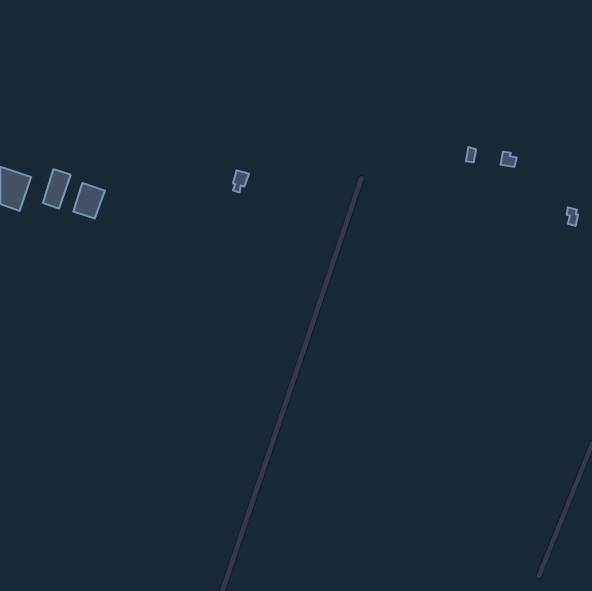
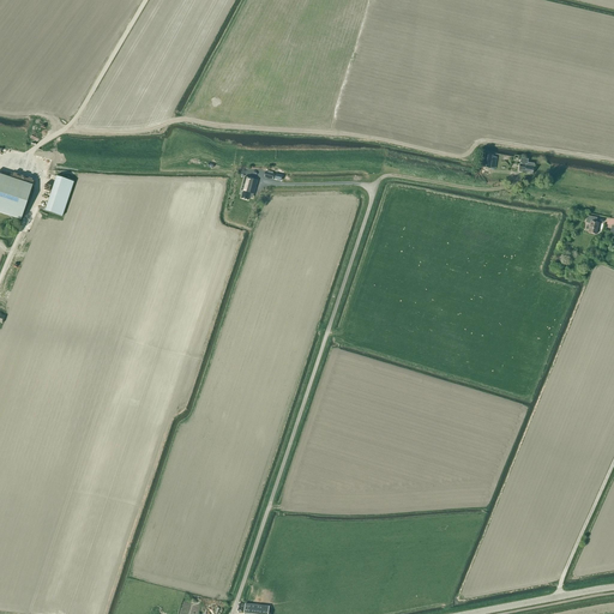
building: [73,183,105,219] -> none

